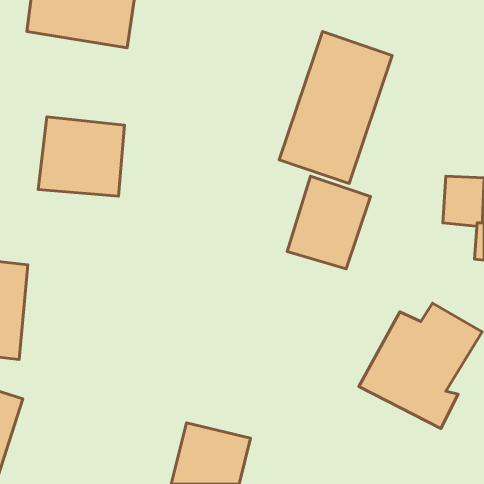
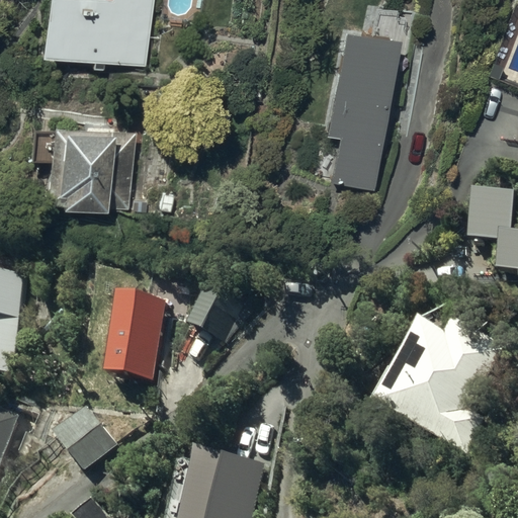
building: [287,176,371,269] -> none
building: none -> [185,282,234,334]
building: none -> [103,287,166,375]
building: none -> [56,412,114,470]

